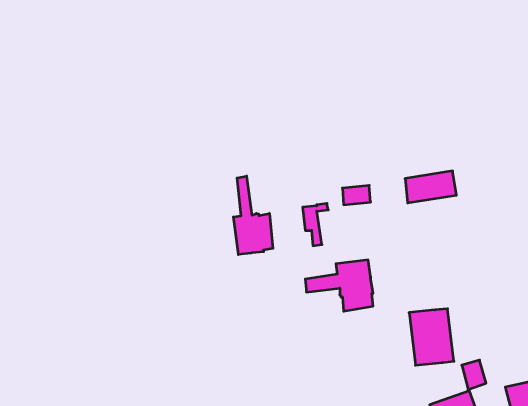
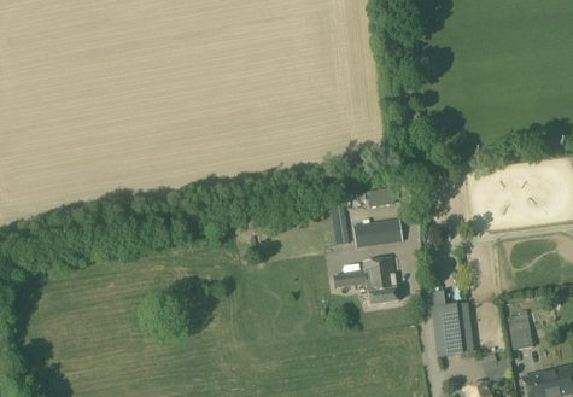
building: [405,171,456,203] -> [355,217,403,247]
building: [233,176,273,255] -> none
building: none -> [508,313,536,346]

